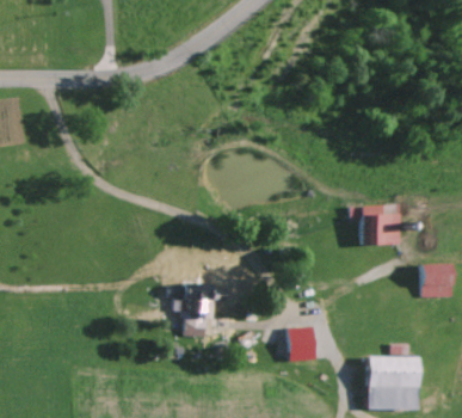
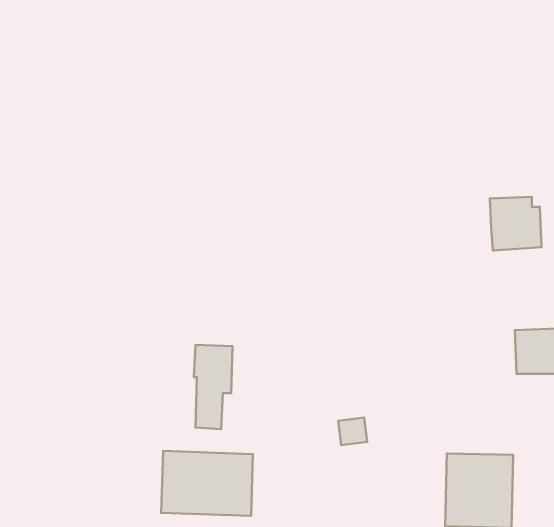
building: [362,205,400,245] -> [490,197,542,250]
building: none -> [161,451,253,516]

